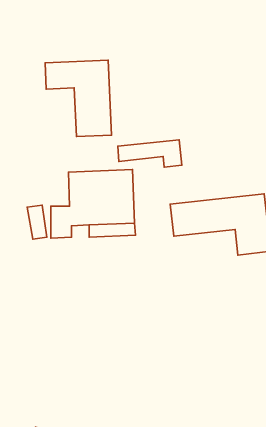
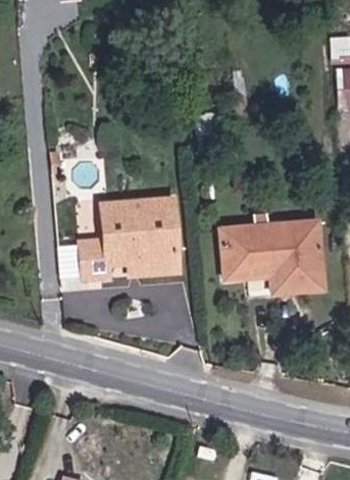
building: [45,60,111,137] -> none
building: [118,140,182,167] -> [219,264,289,294]

